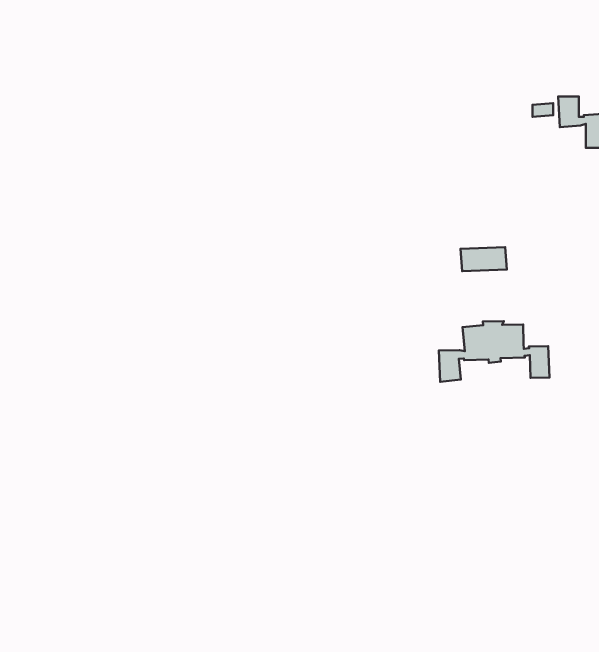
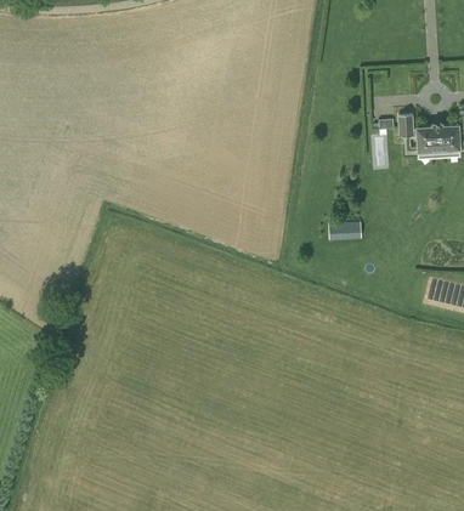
building: [439,321,549,382] -> none

